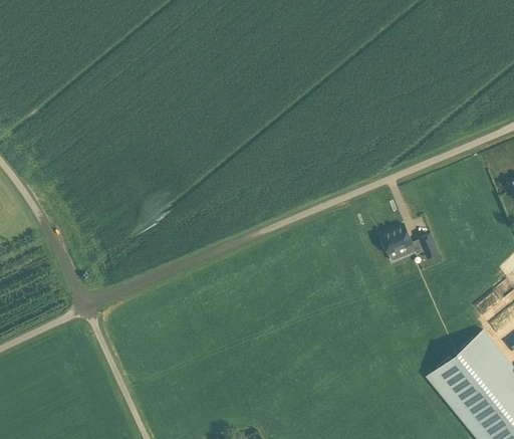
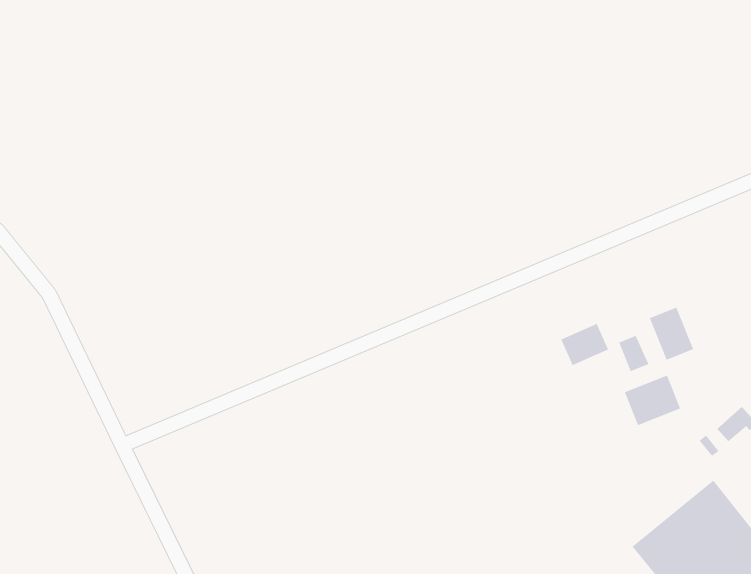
building: none -> [649,307,694,361]
building: none -> [624,374,681,426]

